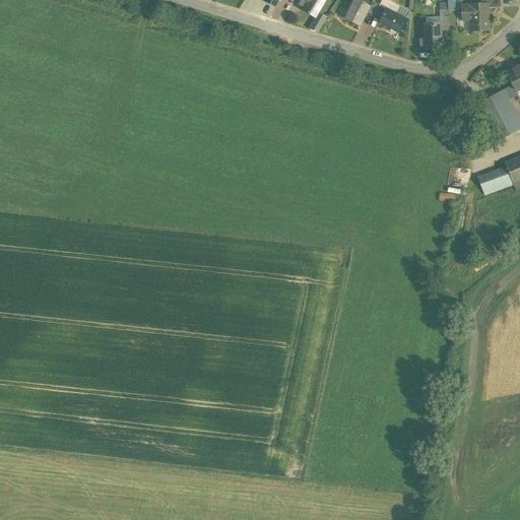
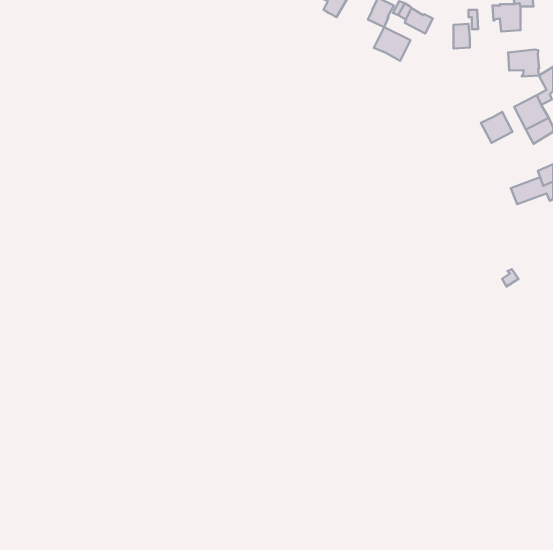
building: none -> [374,27,411,61]
building: none -> [508,50,539,76]
building: none -> [481,112,513,143]

